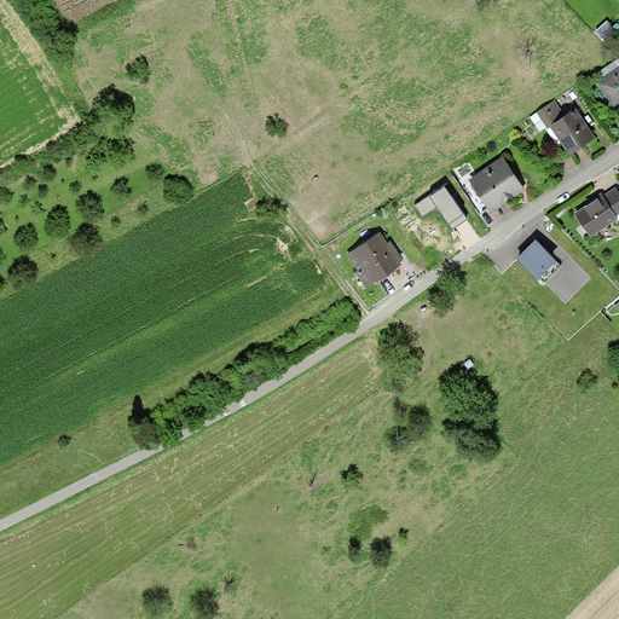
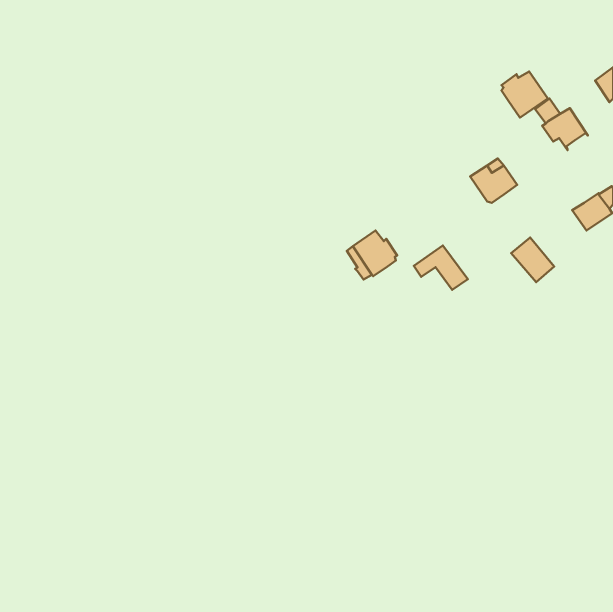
building: none -> [501,71,548,118]
building: [415,184,469,228] -> [414,245,468,290]

